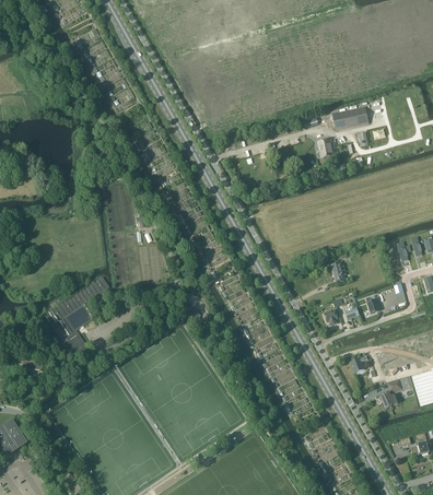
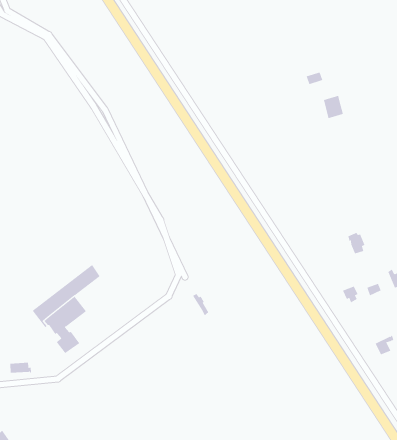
building: [331,106,367,130] -> none

